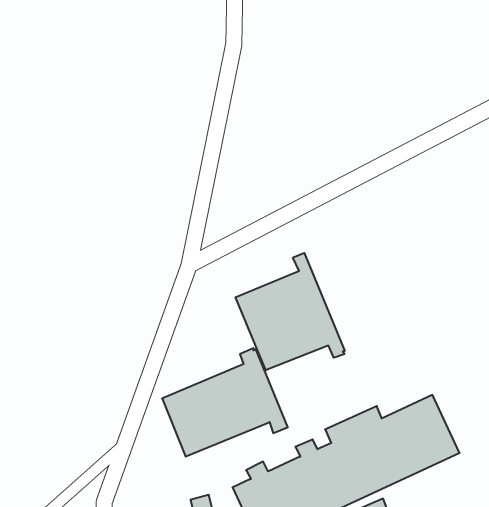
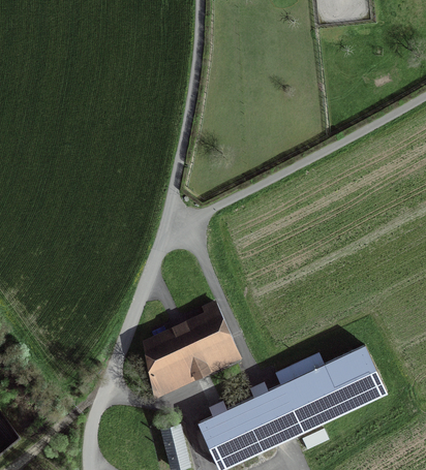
building: [235,253,345,370] -> none

